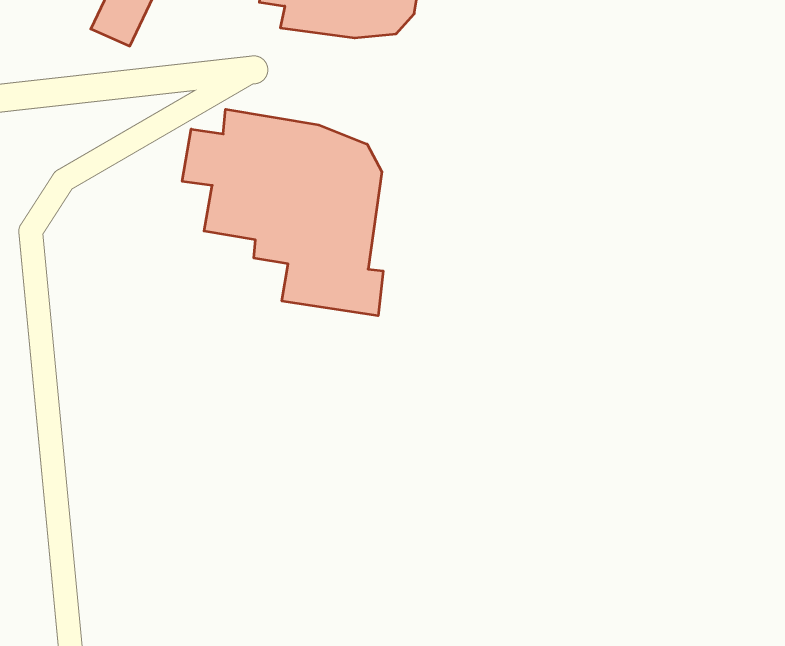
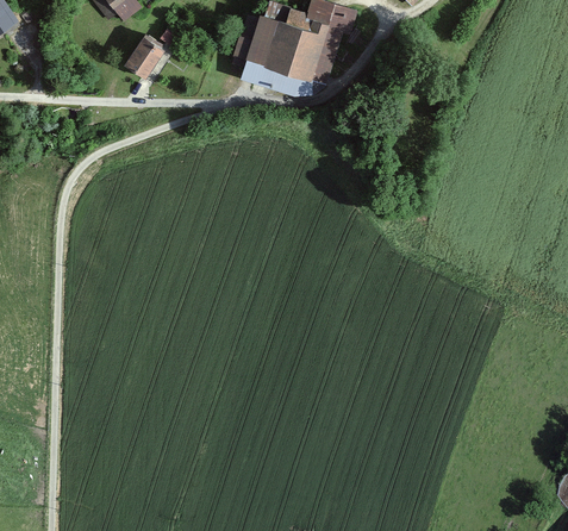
building: [182,109,383,316] -> none

